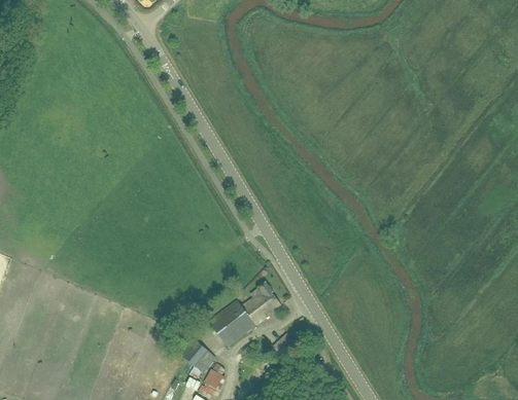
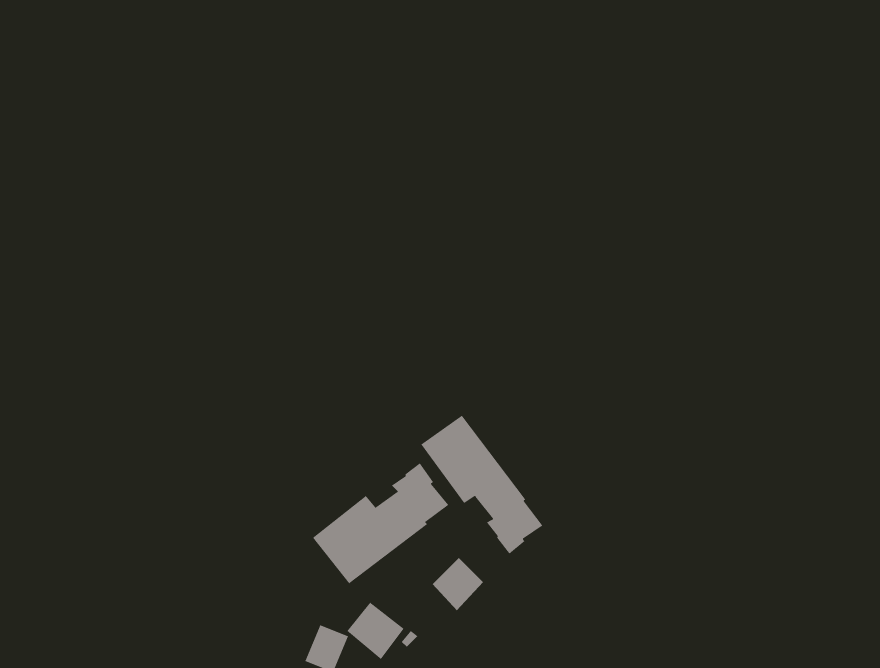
building: none -> [420,415,543,555]
building: [183,342,214,373] -> [347,602,404,660]

